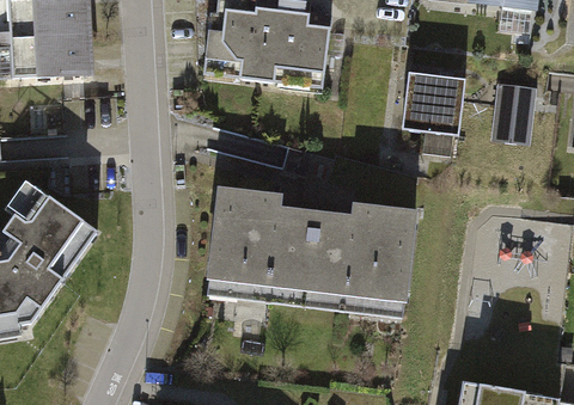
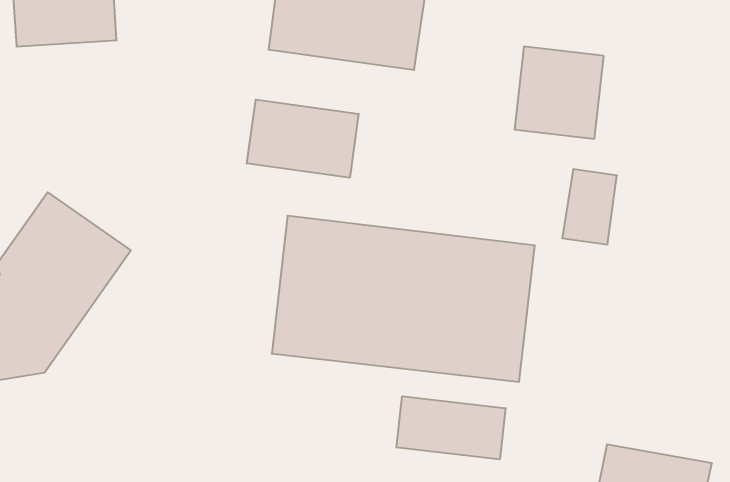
building: [493,88,535,146] -> [562,169,617,244]
building: none -> [247,100,359,178]
building: none -> [396,396,506,459]

